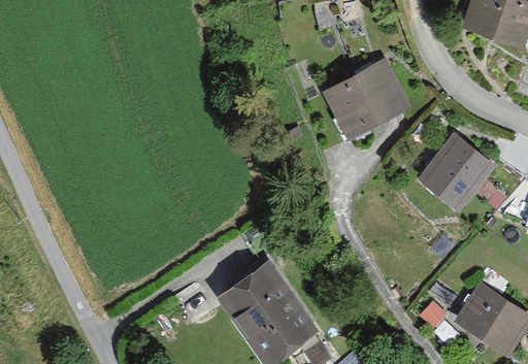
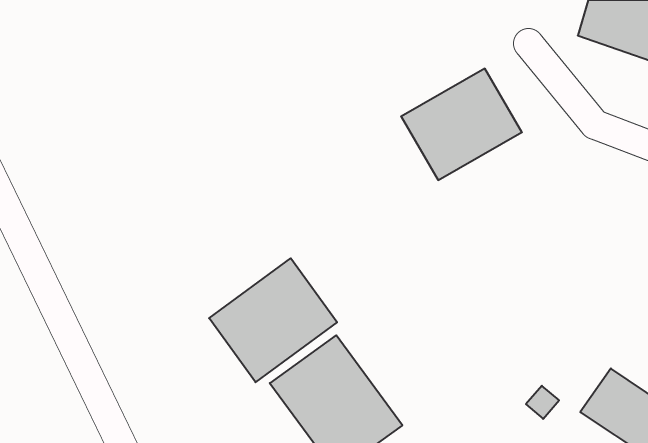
building: [417,132,496,211] -> none
building: none -> [209,258,337,382]

